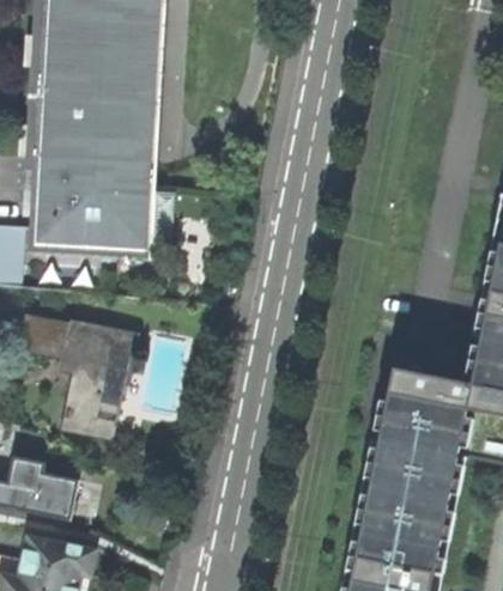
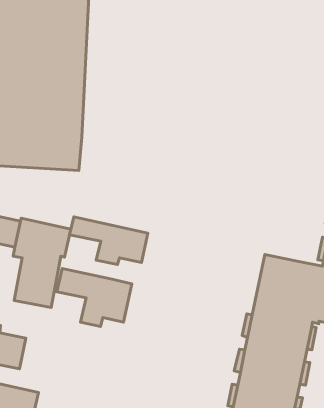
building: none -> [70,217,148,264]
building: none -> [57,268,132,326]

